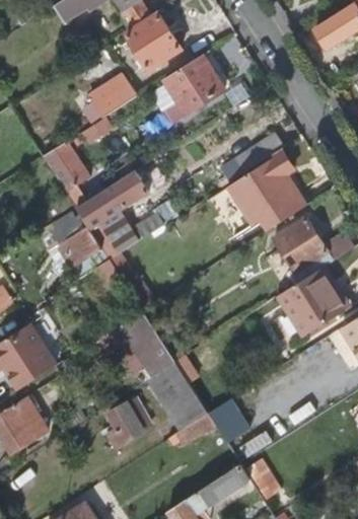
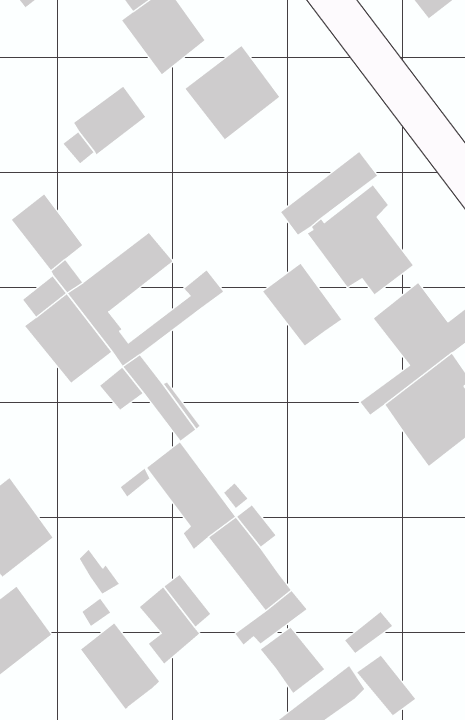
building: none -> [262,263,342,347]
building: [207,399,248,443] -> [260,627,325,694]
building: none -> [80,623,160,710]

